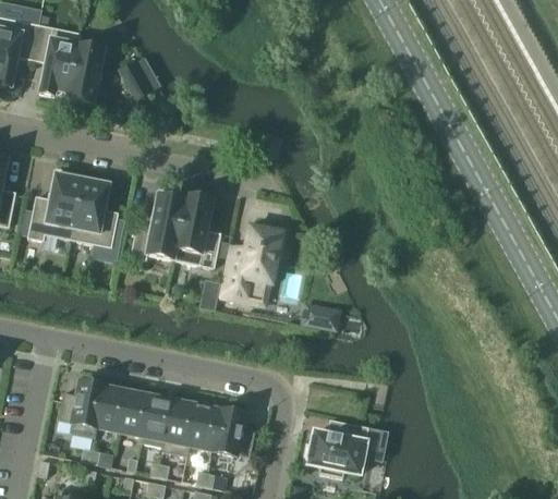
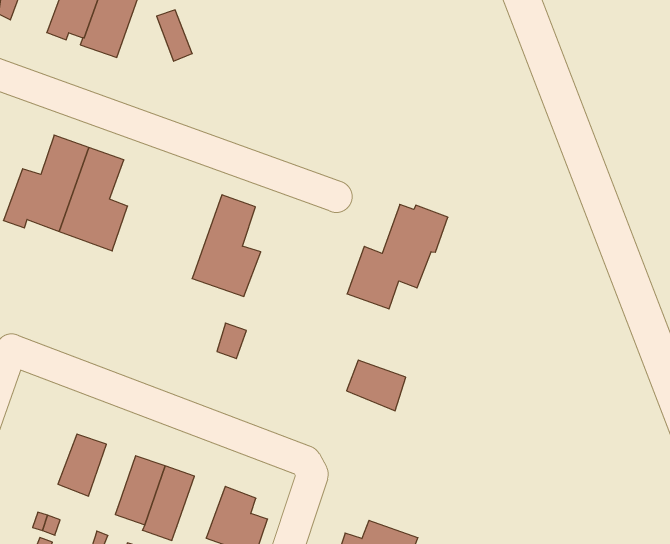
building: [132,188,187,260] -> none
building: [221,223,288,303] -> [347,204,448,309]
building: [59,382,106,437] -> none
building: [121,391,151,436] -> none
building: [190,405,221,450] -> none

